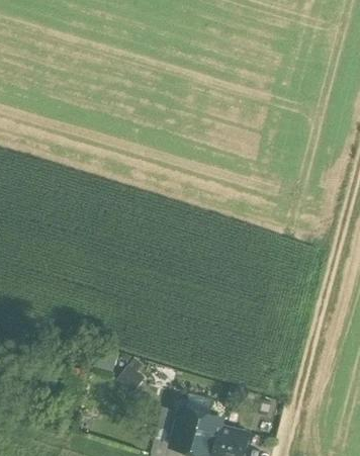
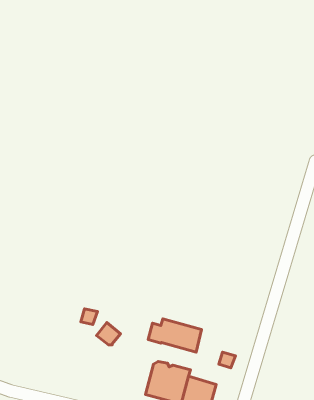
building: none -> [148,319,201,352]

